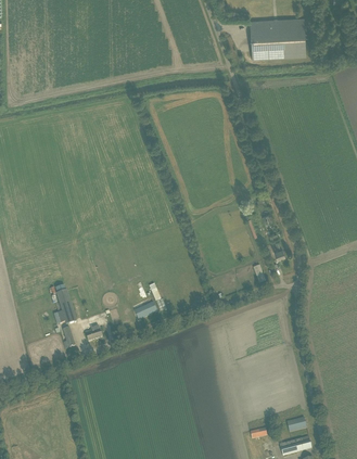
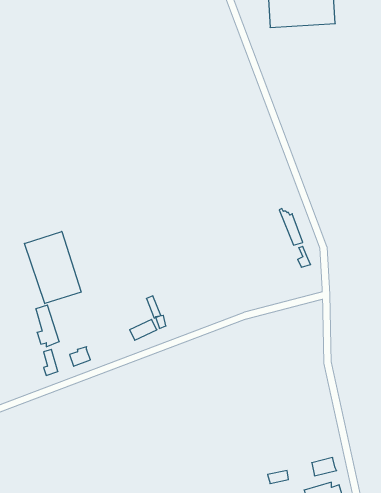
building: none -> [24,231,81,304]

